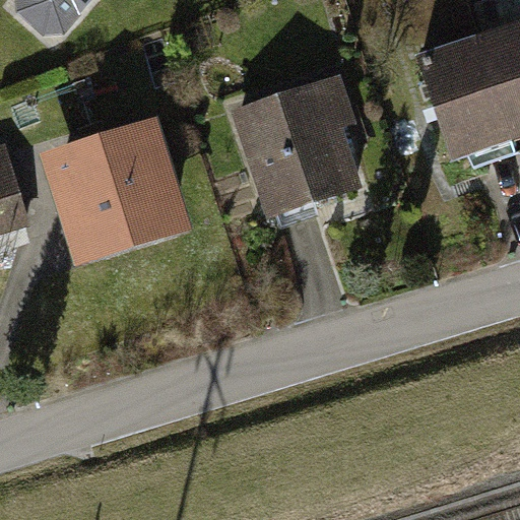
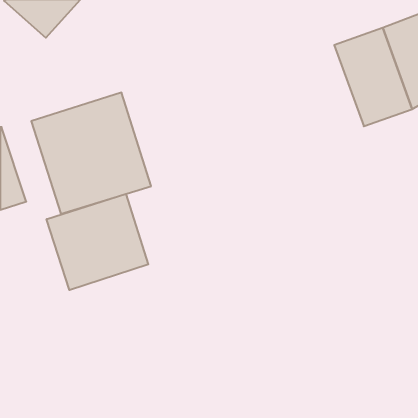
building: [231,76,361,218] -> none
building: none -> [47,194,148,290]

